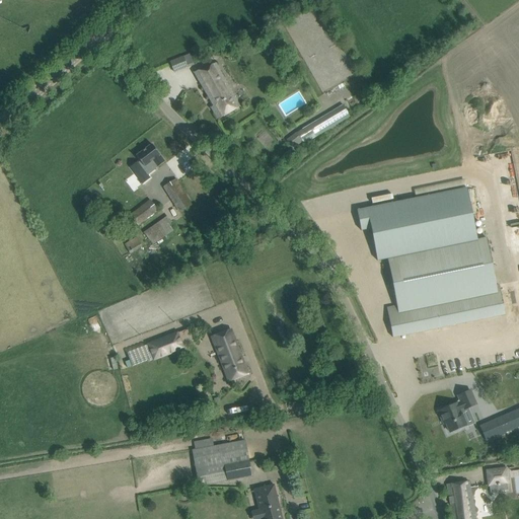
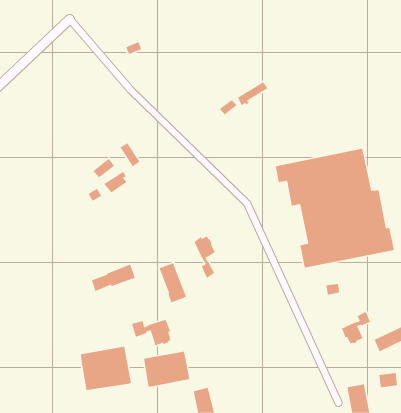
building: [194,60,239,118] -> none
building: [130,142,164,181] -> none
building: none -> [194,235,216,279]
building: none -> [131,319,171,347]
building: none -> [80,346,132,391]

